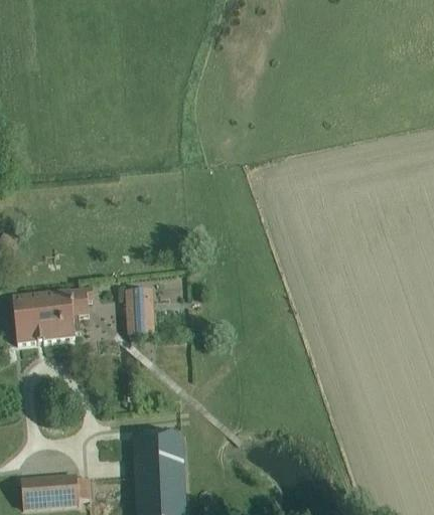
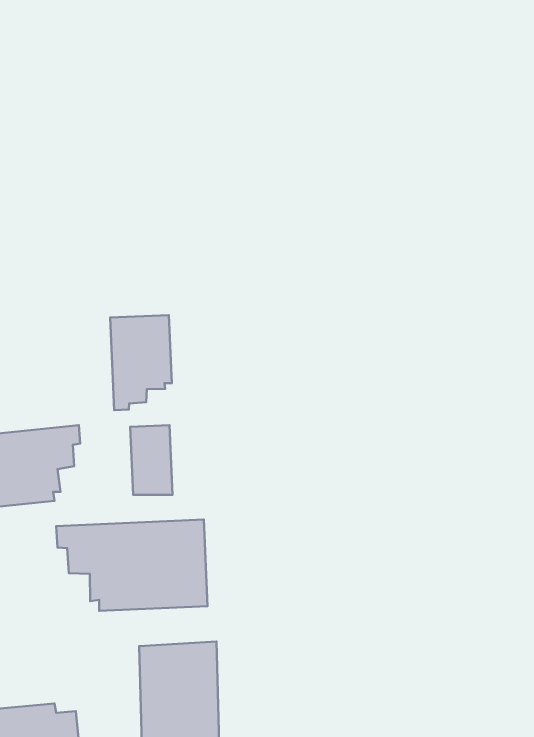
building: none -> [110,315,172,410]
building: none -> [56,520,207,611]

